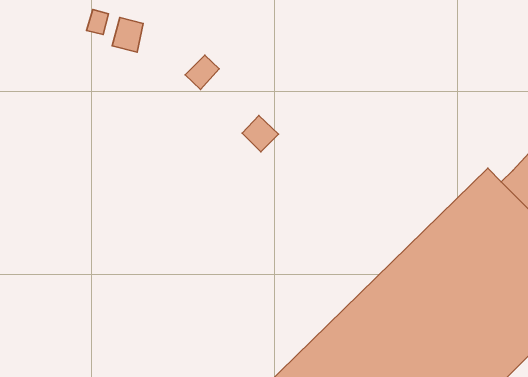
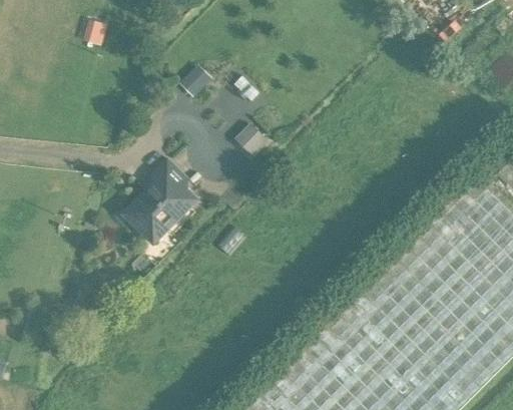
building: [112,18,143,52] -> none
building: none -> [124,160,197,245]

